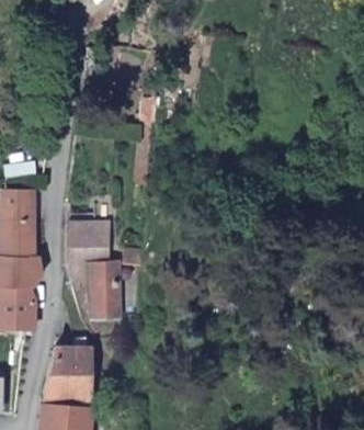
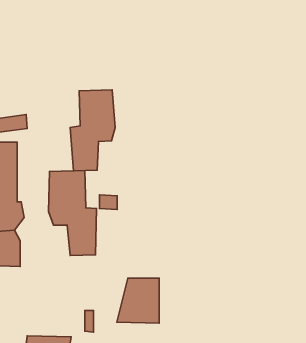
building: none -> [70,90,115,171]
building: [45,349,92,399] -> [117,278,159,323]

